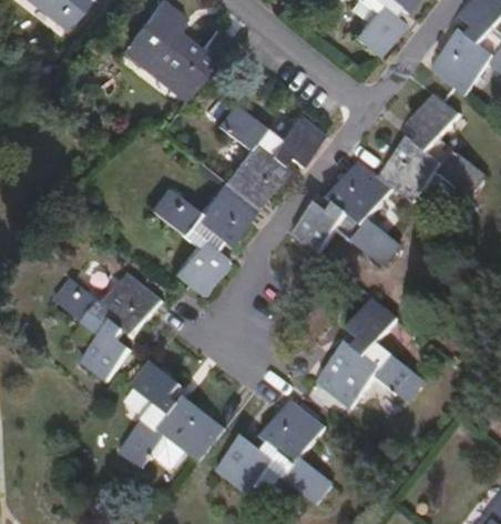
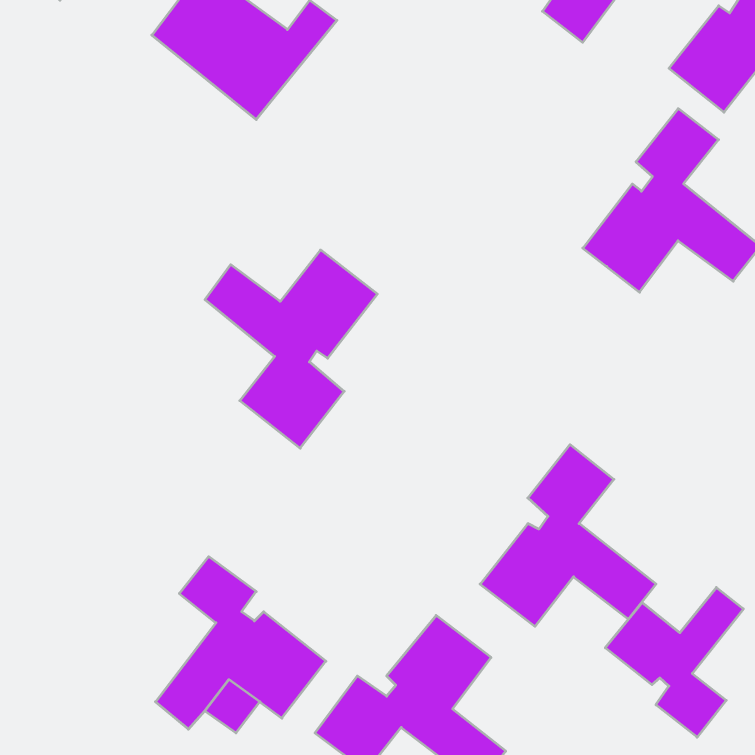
building: [216,102,321,205] -> none
building: [290,161,399,266] -> none
building: [57,271,161,384] -> none
building: none -> [605,587,743,737]

